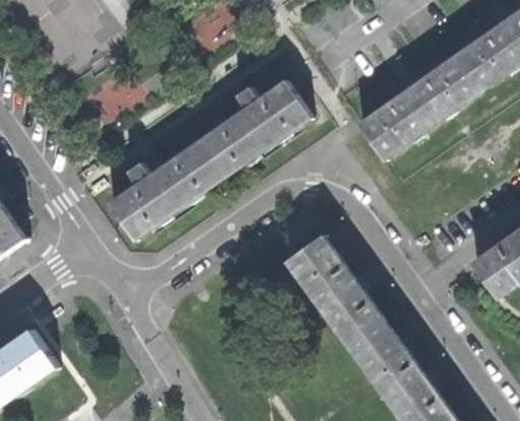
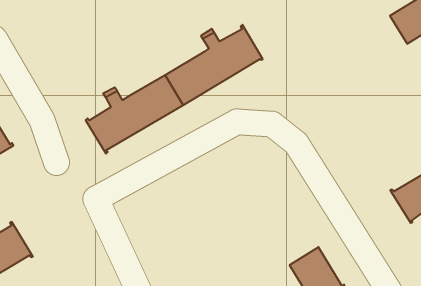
building: [358,56,479,158] -> none
building: [291,235,392,355] -> none

